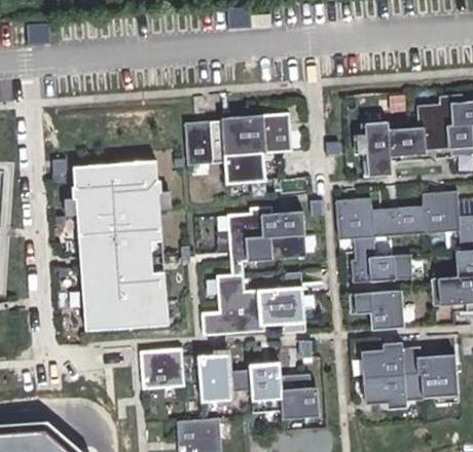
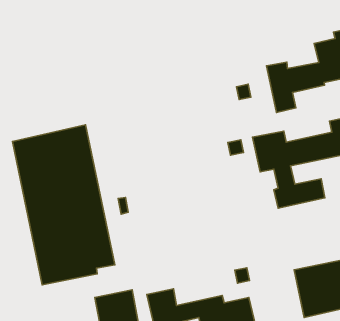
building: [184,113,292,184] -> none
building: [201,206,306,336] -> none
building: [350,289,405,328] -> none

